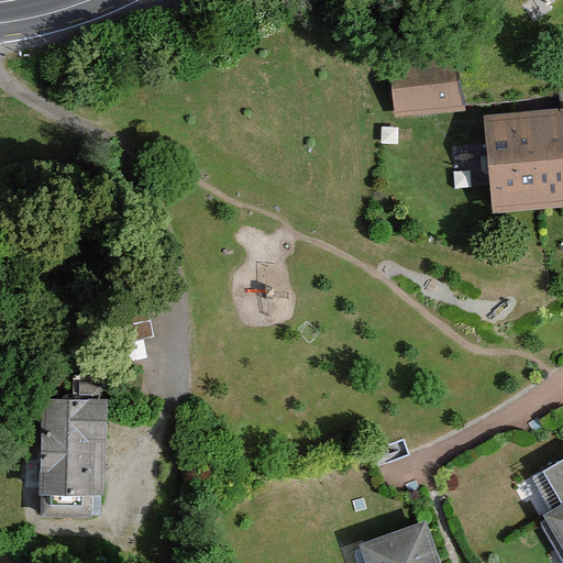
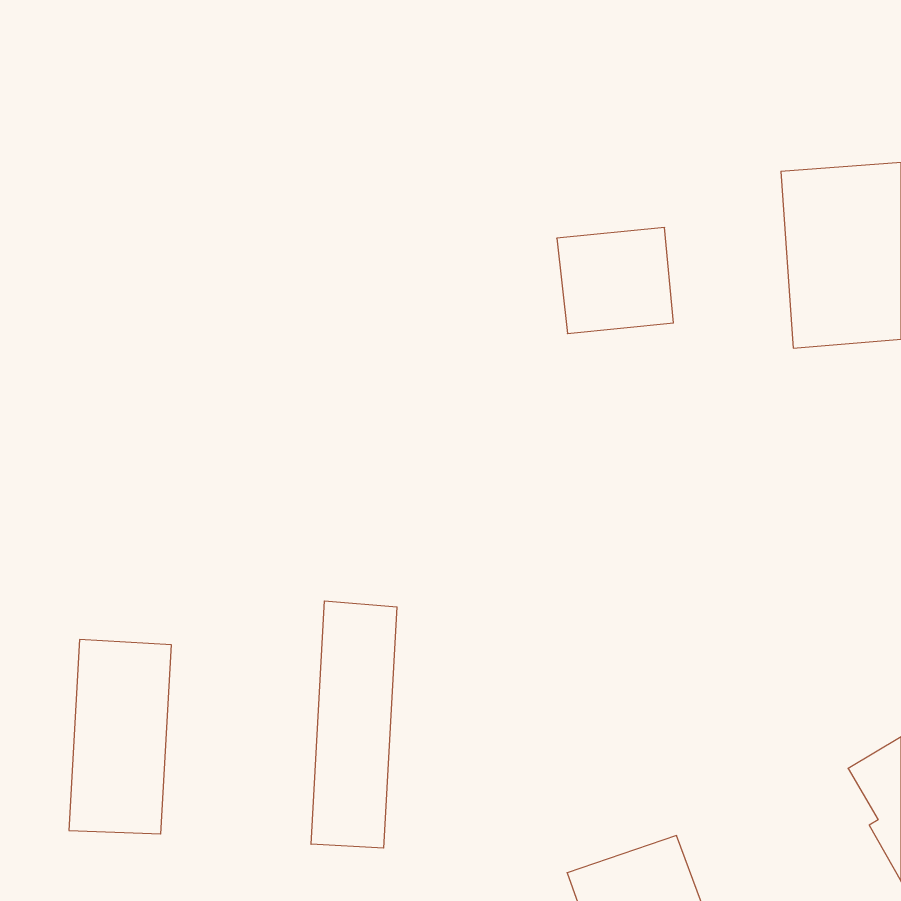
building: [388,49,461,115] -> [557,228,673,334]
building: none -> [311,601,397,848]

